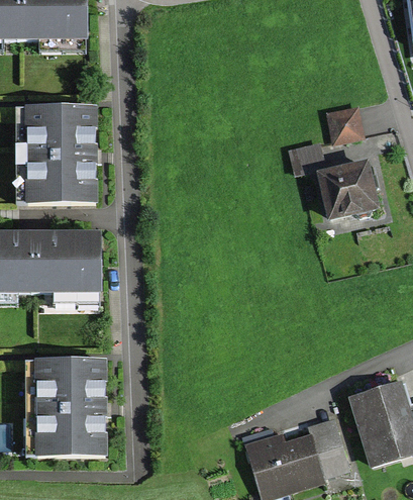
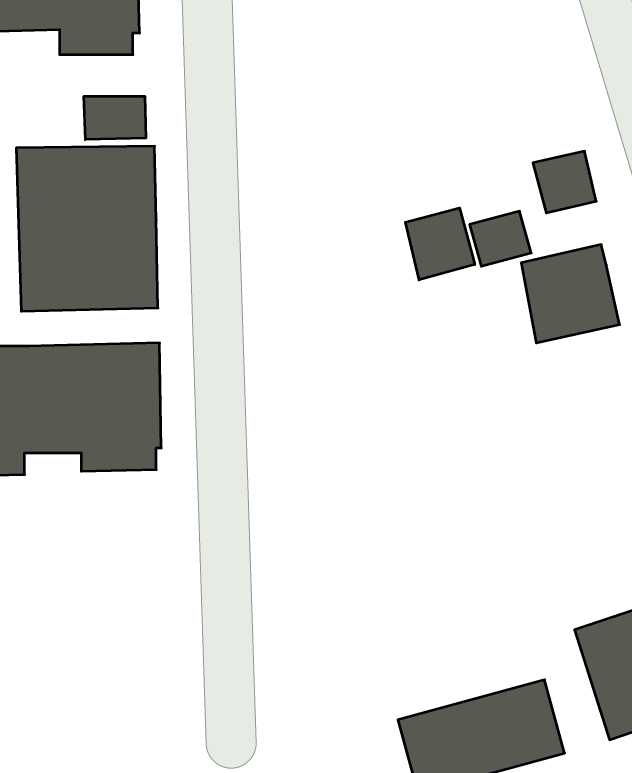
building: none -> [84,96,146,140]
building: none -> [405,208,475,280]
building: [25,362,107,456] -> none

